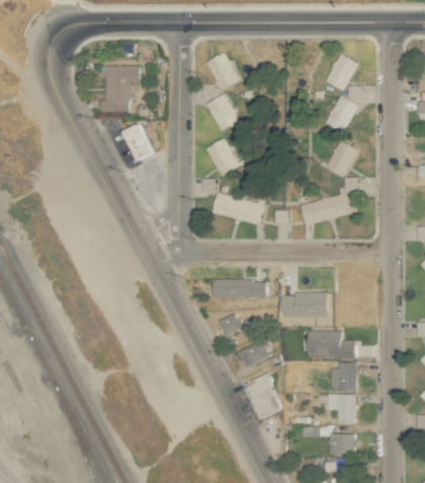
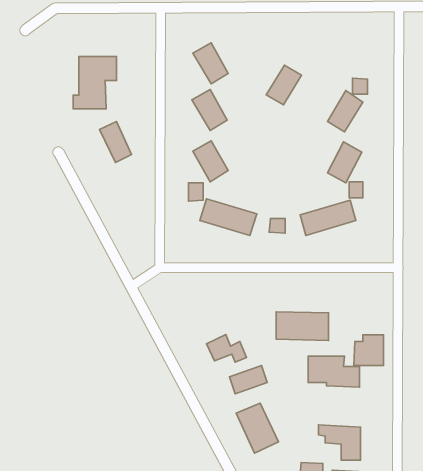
building: [326,54,357,89] -> [266,65,302,105]
building: [212,279,267,298] -> none
building: [330,363,356,390] -> [354,335,383,366]

